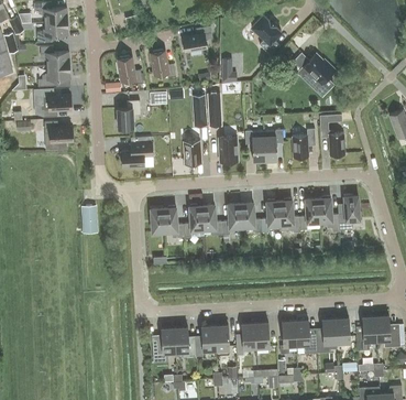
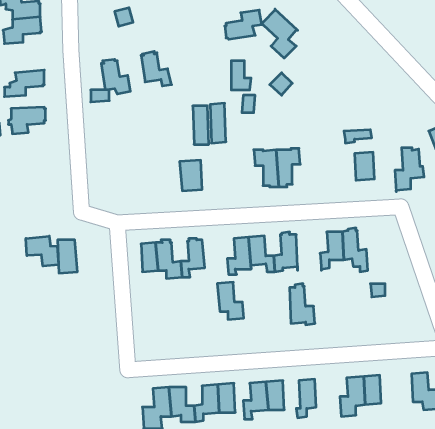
building: [182,25,212,50] -> [225,10,262,39]
building: [40,45,70,66] -> none
building: [289,52,336,89] -> none
building: [117,99,140,128] -> none
building: [44,120,74,141] -> none
building: [292,128,315,158] -> none
building: [219,137,238,161] -> none
building: [119,141,153,166] -> none
building: [338,194,362,230] -> [395,148,424,192]
building: [279,197,300,231] -> [290,284,315,325]
building: none -> [26,236,59,266]
building: [201,204,223,235] -> [217,282,244,319]
building: [356,316,376,349] -> none
building: [295,320,317,353] -> none

